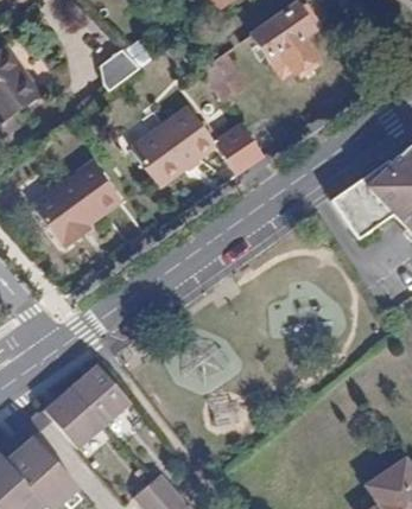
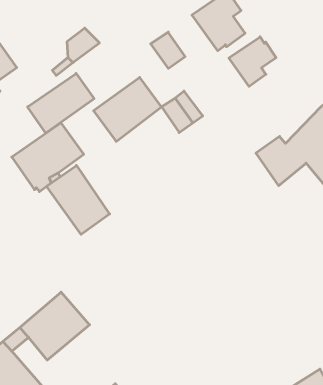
building: none -> [229,37,276,86]
building: none -> [28,73,94,133]
building: none -> [47,165,110,234]

